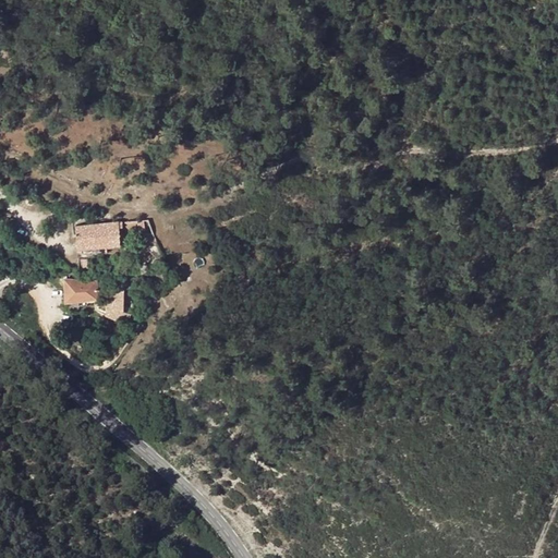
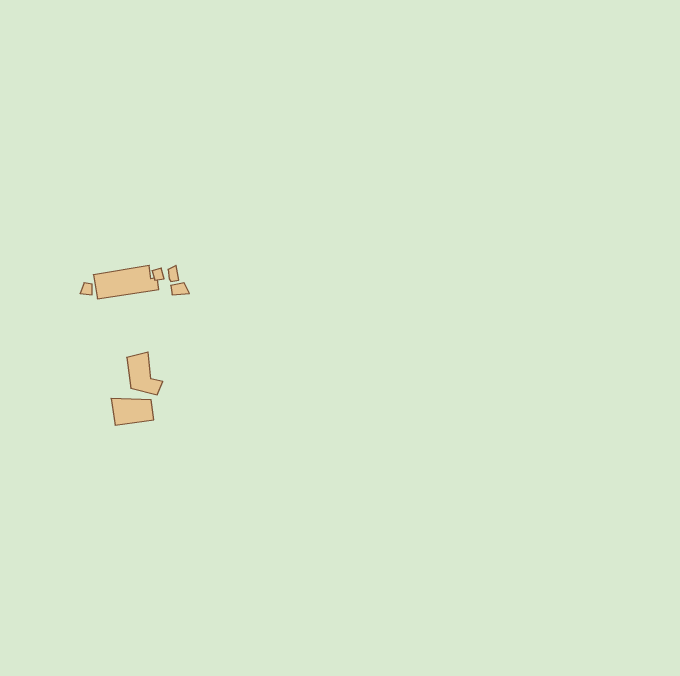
building: [62,280,97,302] -> [111,398,154,425]

